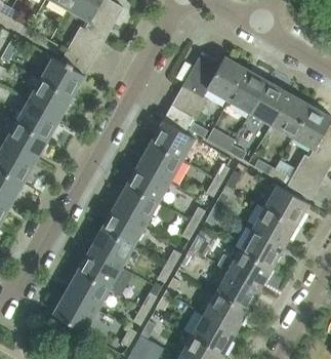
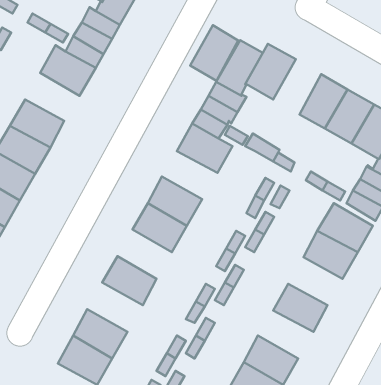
building: [227,69,266,114] -> [190,25,238,81]
building: [27,80,71,119] -> none
building: [137,144,182,183] -> none
building: [101,207,146,247] -> none
building: [240,230,284,269] -> none
building: [77,250,122,290] -> none
building: [215,273,260,312] -> none

